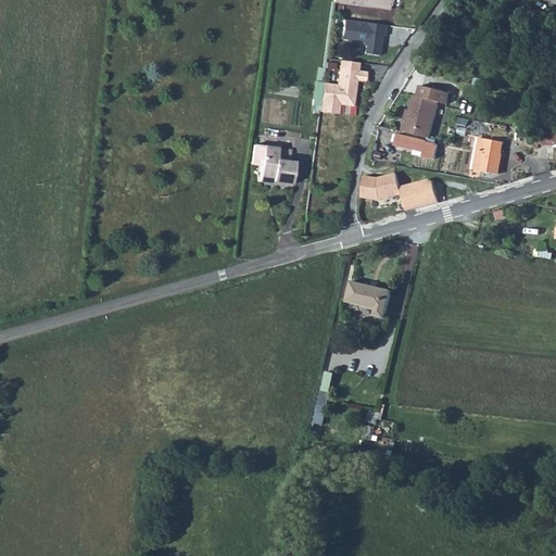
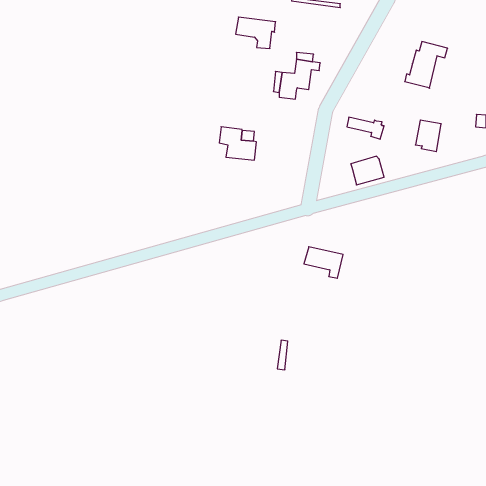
building: [339,18,384,54] -> [236,17,276,48]
building: [401,85,450,138] -> [405,42,448,88]
building: [361,172,402,200] -> none

